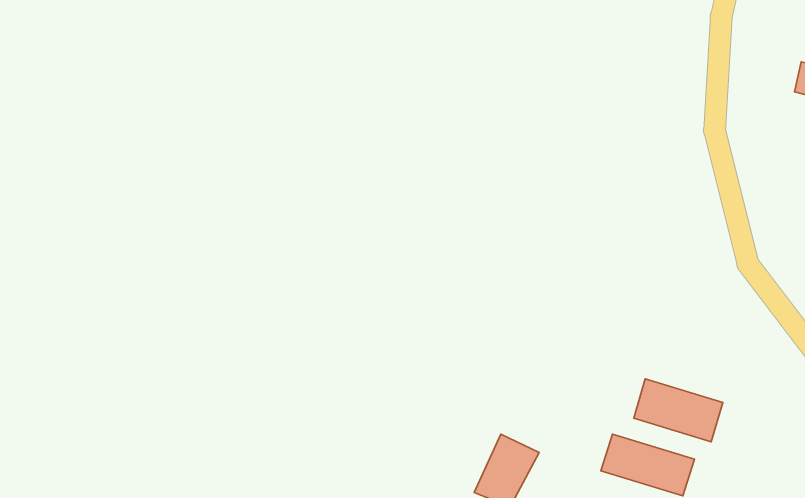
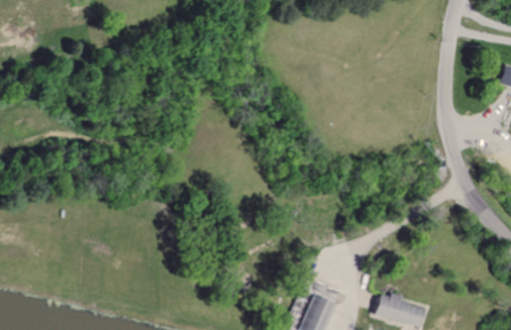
building: [634,379,723,442] -> none

